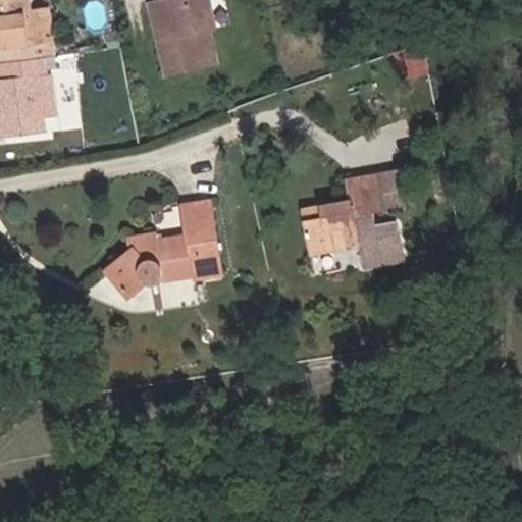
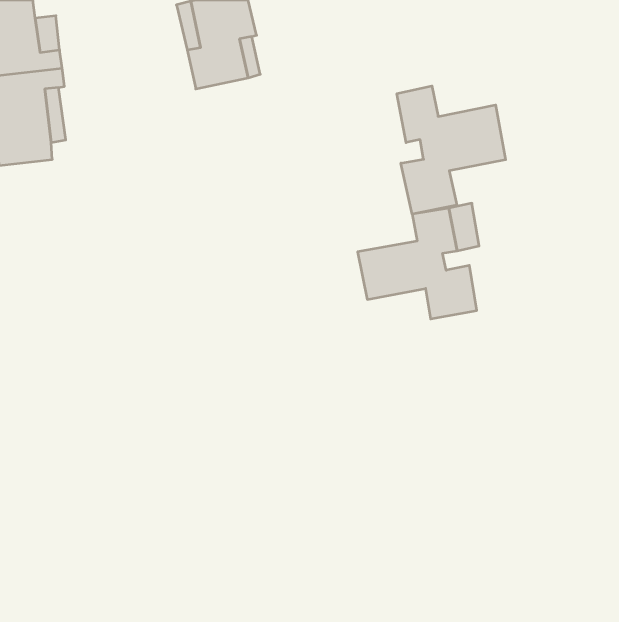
building: none -> [397,86,506,214]
building: [107,200,219,297] -> none

